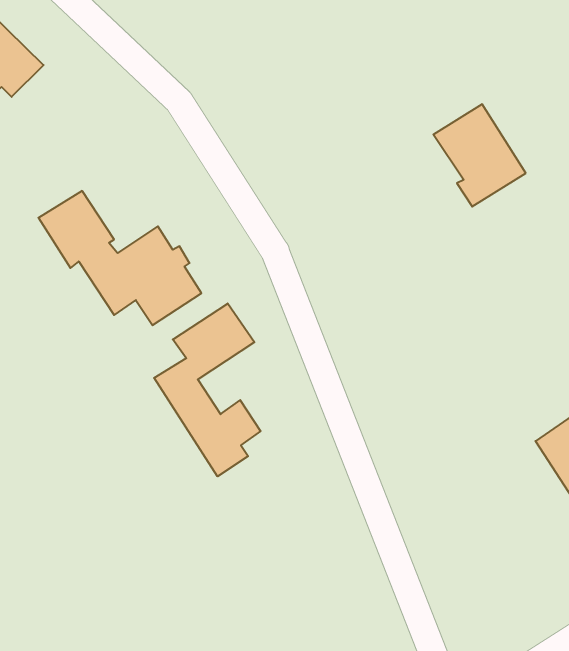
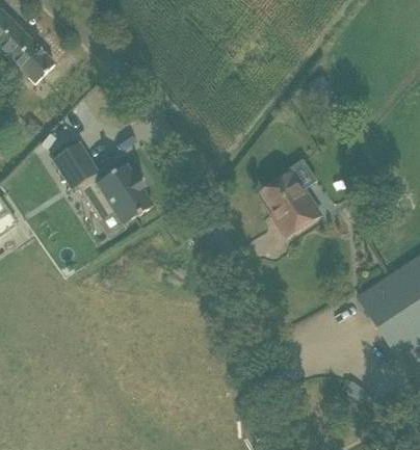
building: [433,104,526,207] -> [264,170,321,234]
building: [154,303,261,476] -> none

